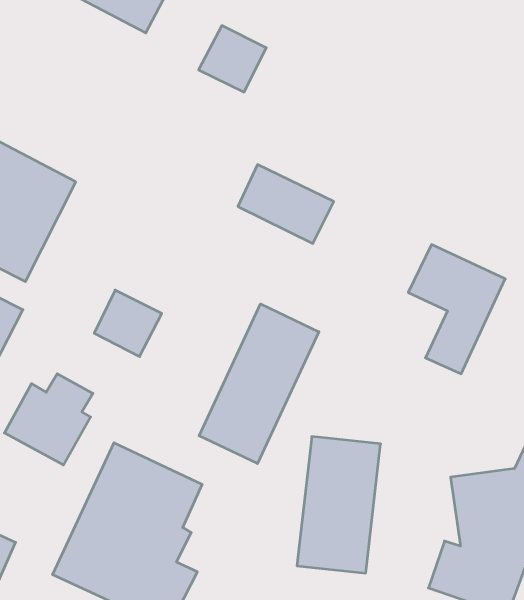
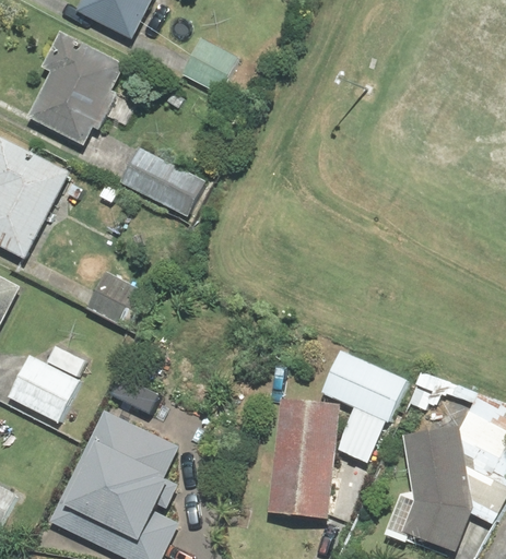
building: none -> [24,31,123,147]
building: [238,165,334,243] -> [120,146,205,216]
building: [408,245,505,374] -> [320,349,407,464]
building: [199,304,319,464] -> none

